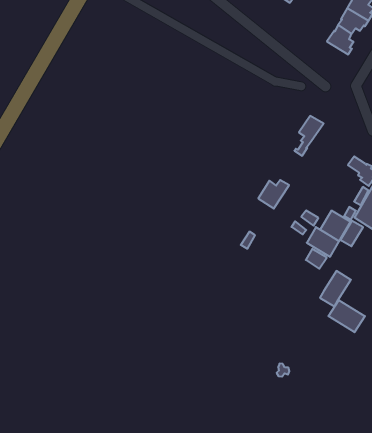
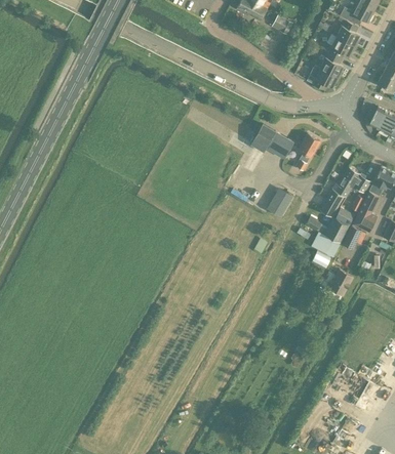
building: none -> [306,65,339,89]
building: none -> [250,123,294,158]
building: none -> [319,175,354,216]
building: [328,300,365,332] -> none

